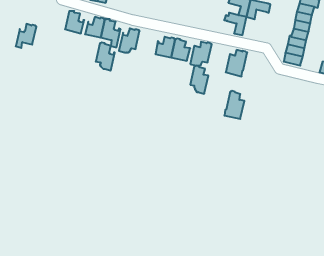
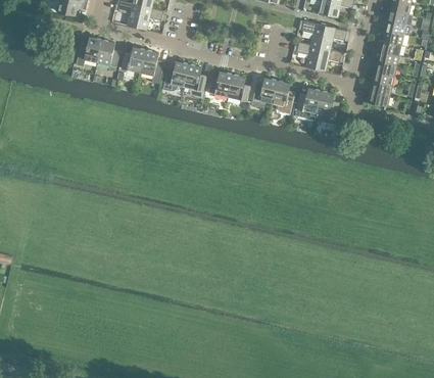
building: none -> [316,47,345,72]
building: [16,24,36,48] -> [77,37,102,66]
building: [96,42,115,71] -> [184,63,207,98]
building: [190,66,208,94] -> [273,80,295,114]
building: [224,91,244,119] -> [315,90,339,125]

